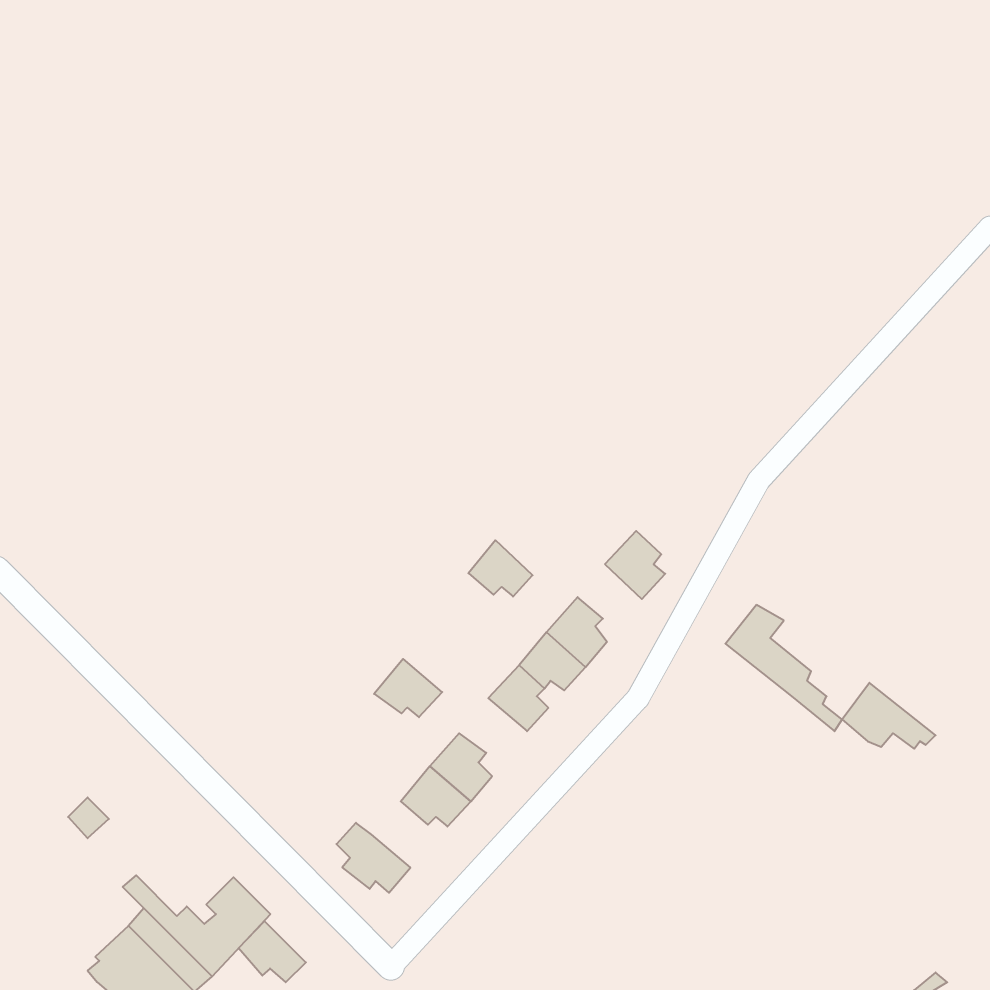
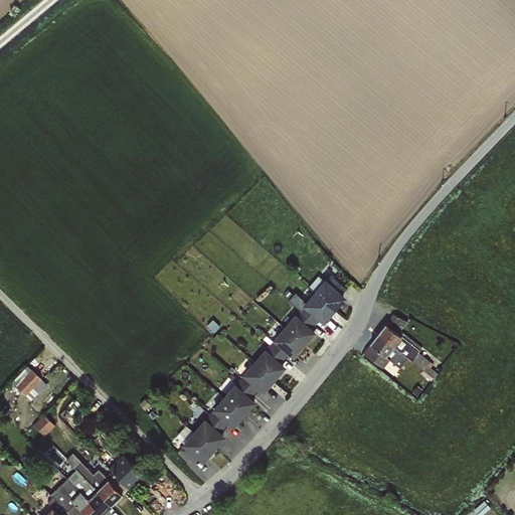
building: [468,540,533,597] -> [299,294,332,323]
building: [374,659,442,717] -> [237,363,273,393]
building: [842,683,936,749] -> [361,335,409,369]
building: none -> [12,365,43,395]
building: none -> [192,416,223,451]
building: [238,921,306,982] -> none

